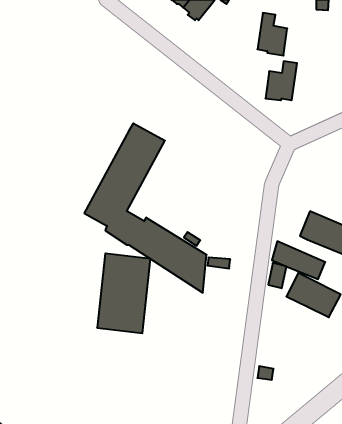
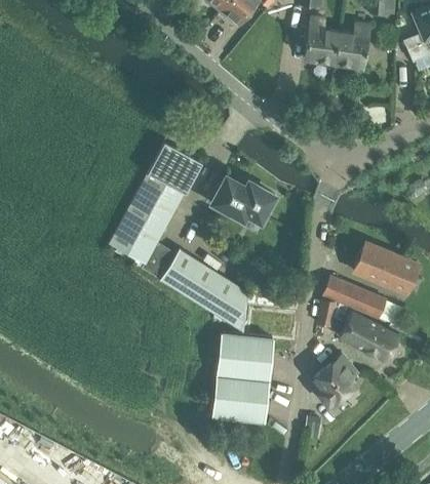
building: [265,61,297,100] -> [335,24,370,68]
building: none -> [212,176,275,220]
building: [97,253,151,333] -> [213,333,274,423]
building: none -> [313,356,360,407]

